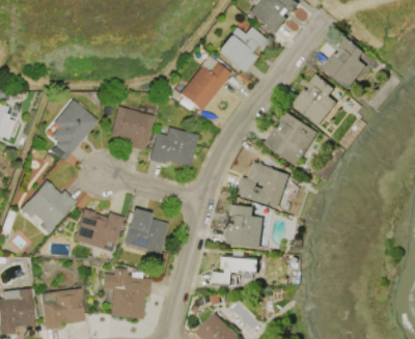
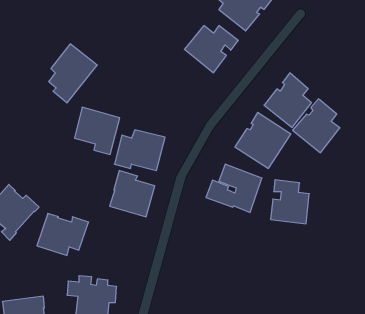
building: [322,37,367,89] -> [293,99,340,153]
building: [179,55,230,110] -> none
building: [51,100,98,157] -> [49,44,97,103]
building: [227,203,265,246] -> [271,180,309,224]
building: [123,208,167,253] -> [110,171,155,217]
building: [214,256,259,284] -> none

